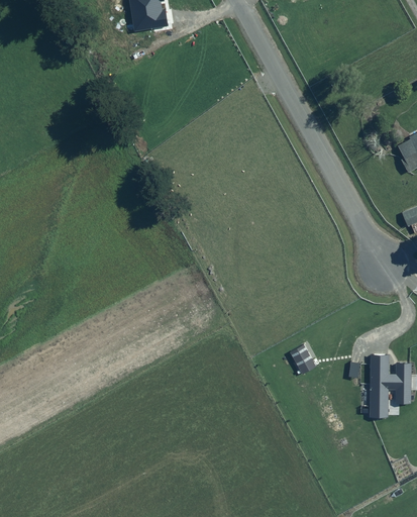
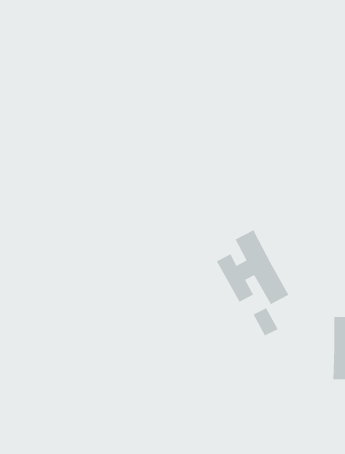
building: none -> [216,229,290,305]

